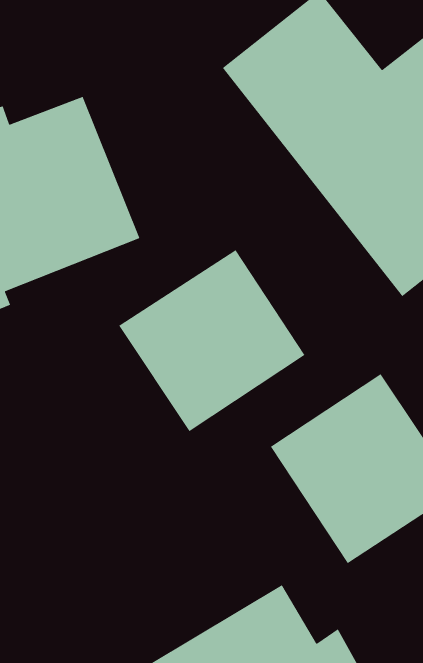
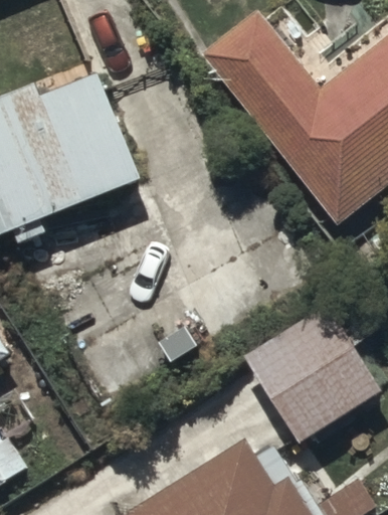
building: [118,249,305,432] -> none

